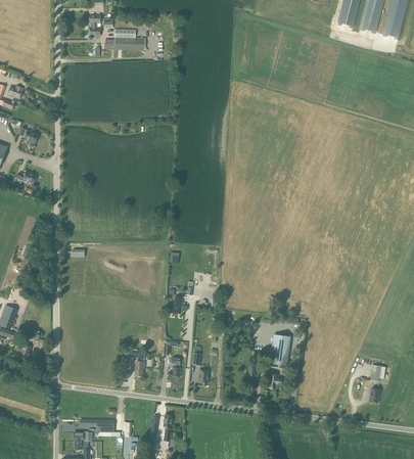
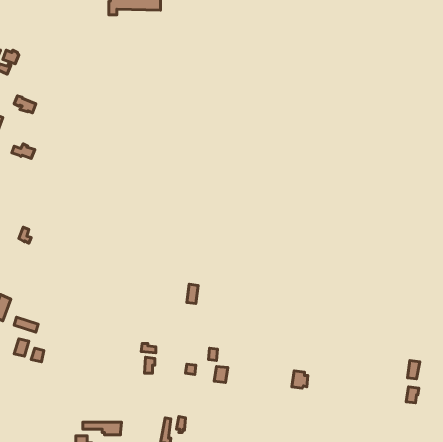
building: [270,336,289,365] -> none

